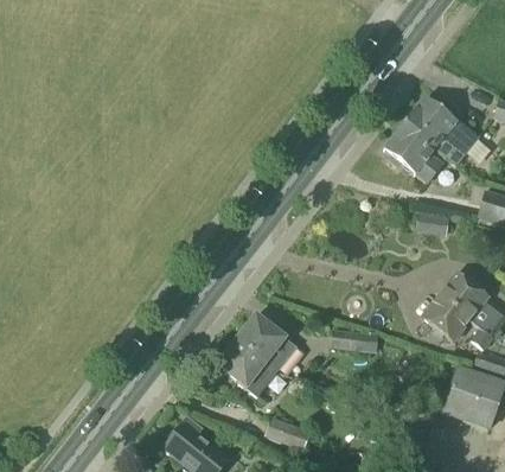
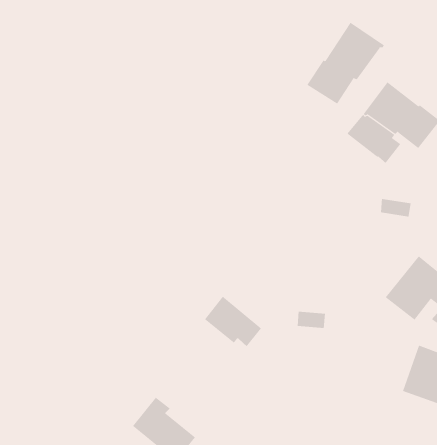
building: none -> [307,22,385,105]
building: [218,339,282,395] -> none
building: [267,417,312,451] -> none

